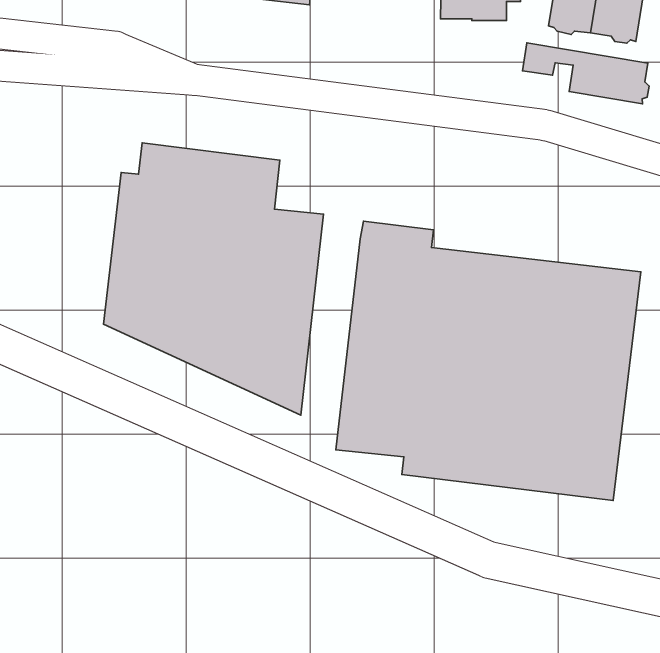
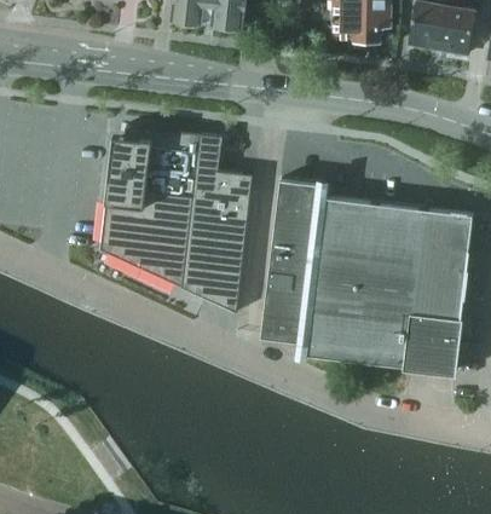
building: [522,43,649,104] -> none

